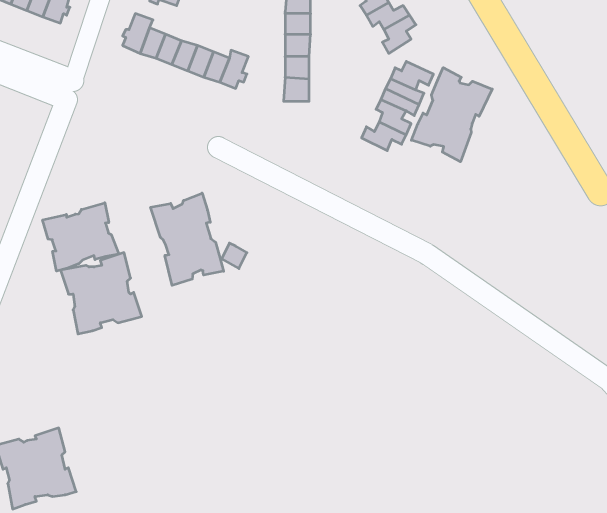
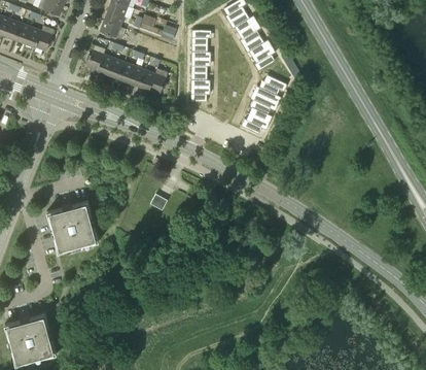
building: [411,68,492,162] -> none
building: [151,193,224,285] -> none
building: [43,203,119,271] -> none

